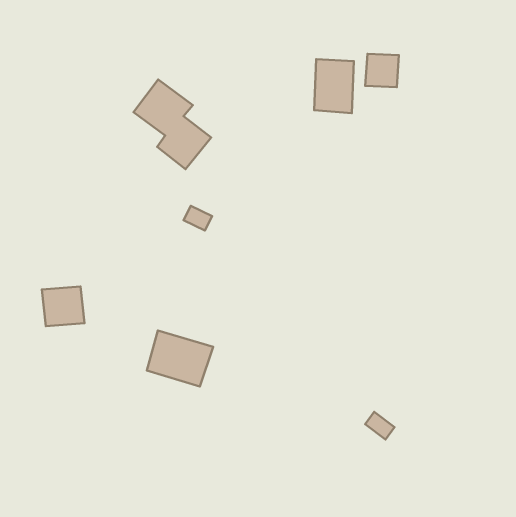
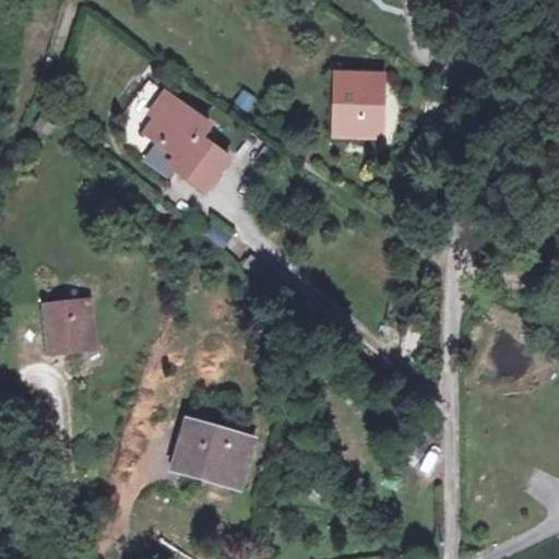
building: [365,54,399,87] -> none
building: [147,331,213,387] -> [176,429,247,489]

